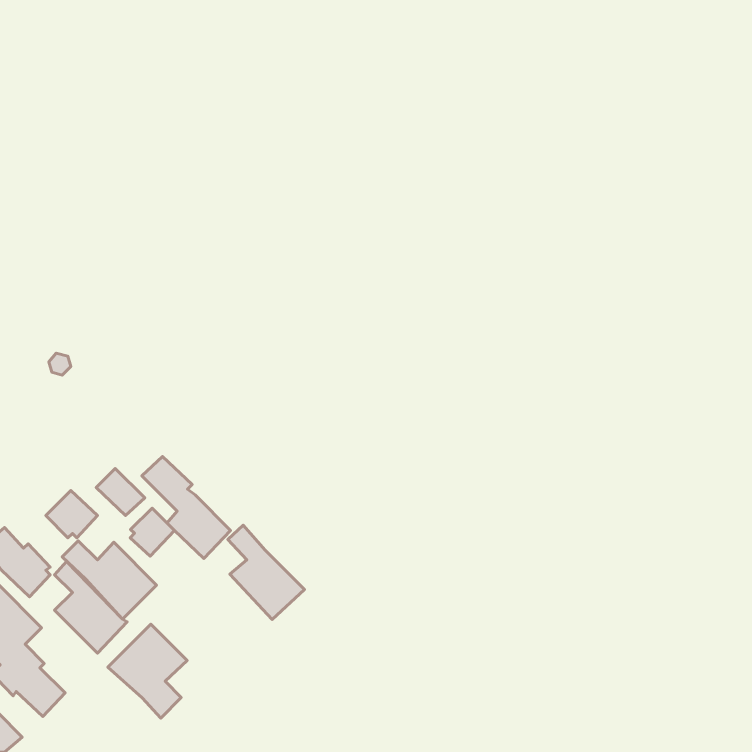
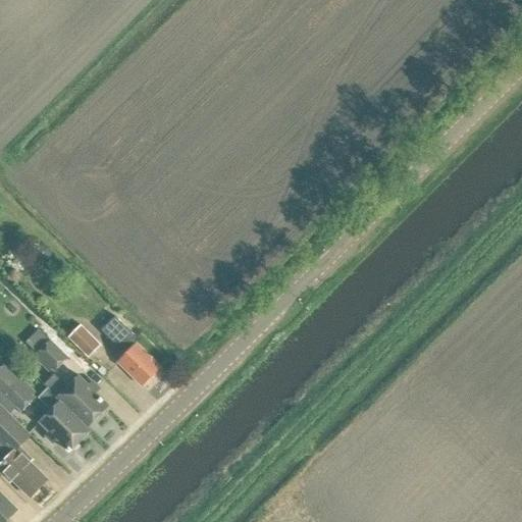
building: [130,508,175,556] -> none
building: [228,525,304,620] -> none
building: [108,624,187,718] -> none

